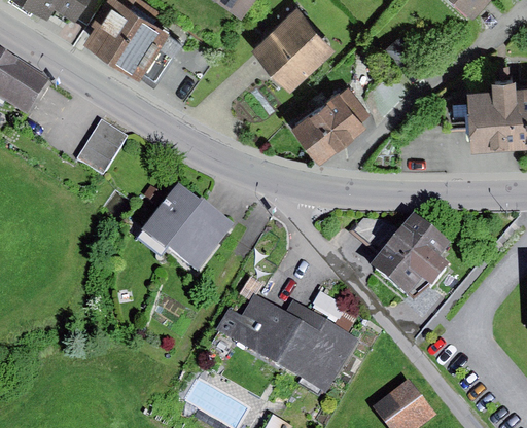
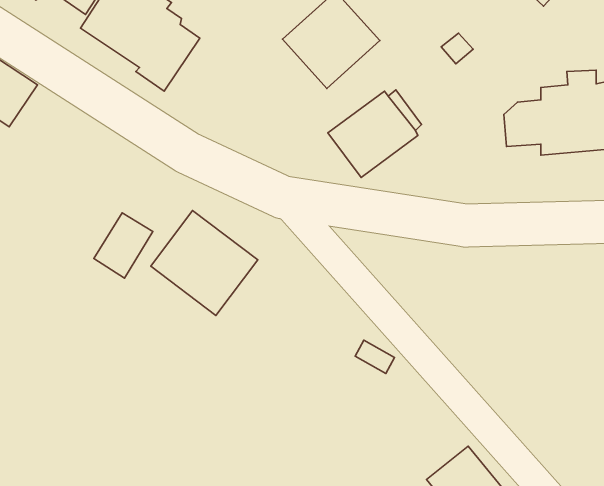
building: [77,120,127,175] -> [94,213,153,278]
building: [371,213,449,296] -> none
building: [215,295,359,395] -> none

